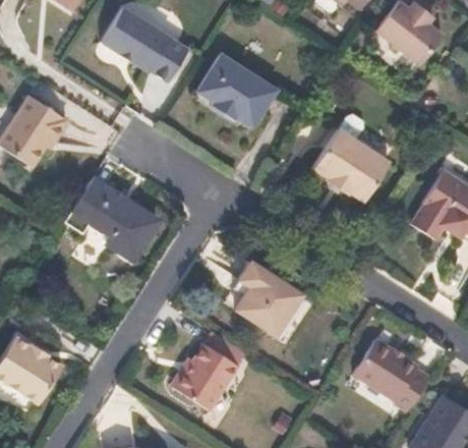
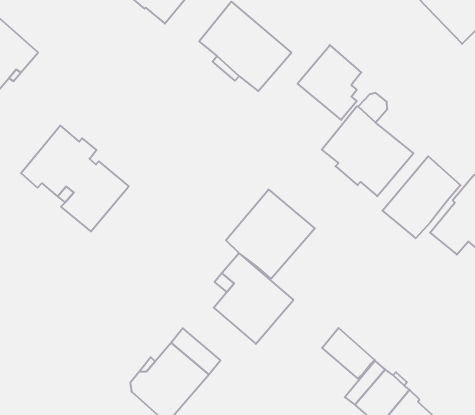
building: none -> [298,45,361,120]
building: none -> [382,156,461,238]
building: none -> [226,189,315,279]
building: none -> [322,328,375,379]

